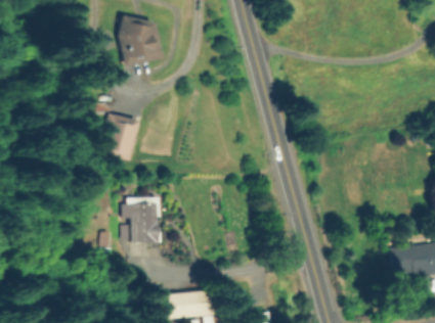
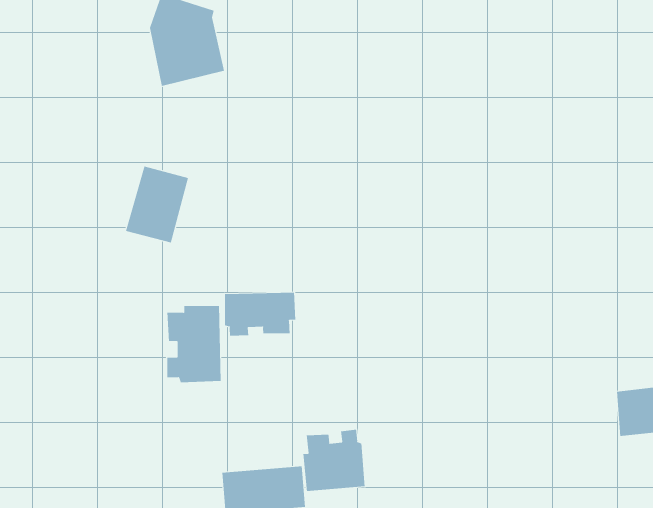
building: none -> [224,292,296,337]
building: none -> [303,429,365,492]

